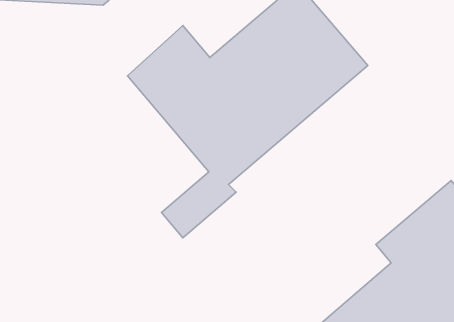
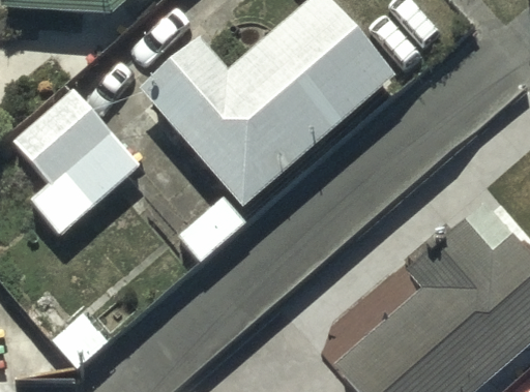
building: none -> [12,85,141,232]

